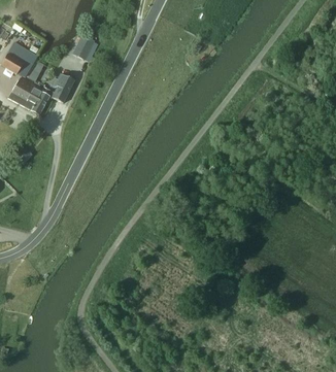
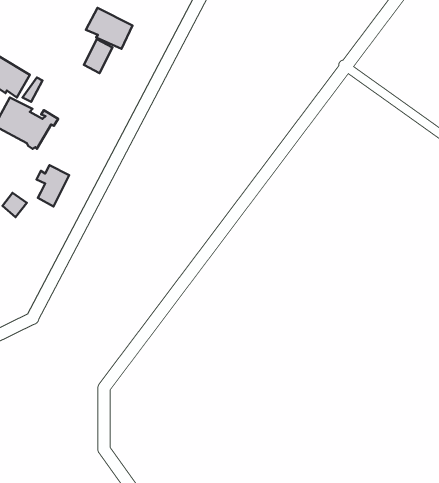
building: none -> [86,8,132,49]
building: [52,73,75,103] -> [37,165,69,206]

